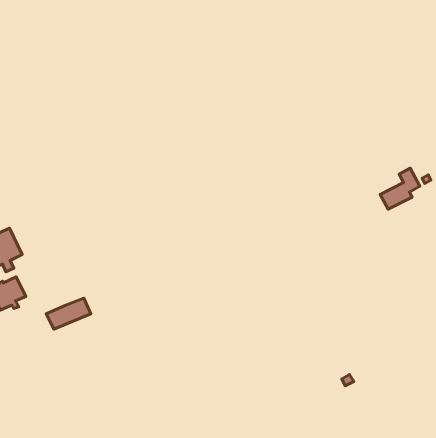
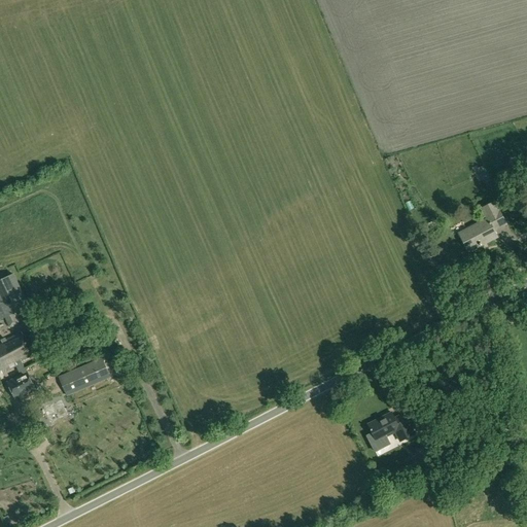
building: none -> [5,368,33,398]
building: none -> [366,414,413,442]

